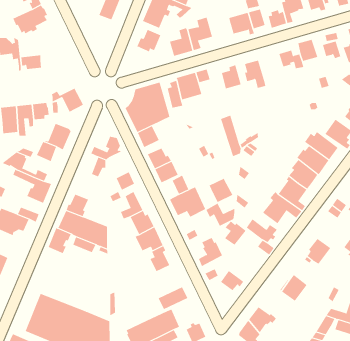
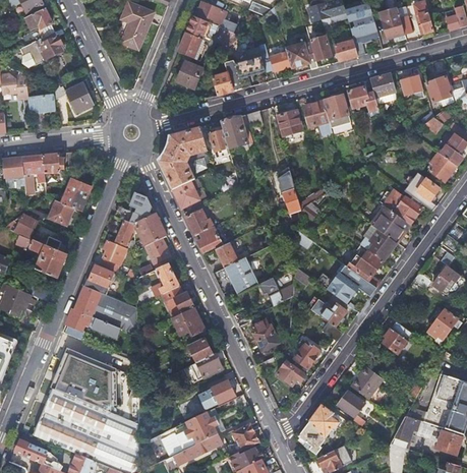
building: none -> [257,44,290,70]
building: none -> [323,95,350,127]
building: [51,88,84,112] -> [52,81,93,112]
building: none -> [134,212,166,250]
building: none -> [100,239,126,271]
building: [209,178,233,203] -> none
building: [224,221,246,246] -> [292,338,319,368]
building: none -> [50,346,115,410]
building: none -> [191,349,226,379]
building: none -> [325,389,366,426]

